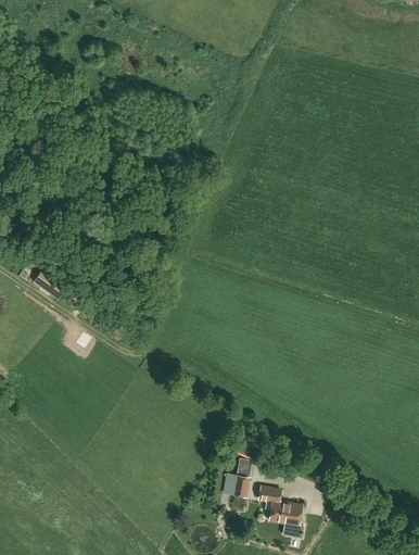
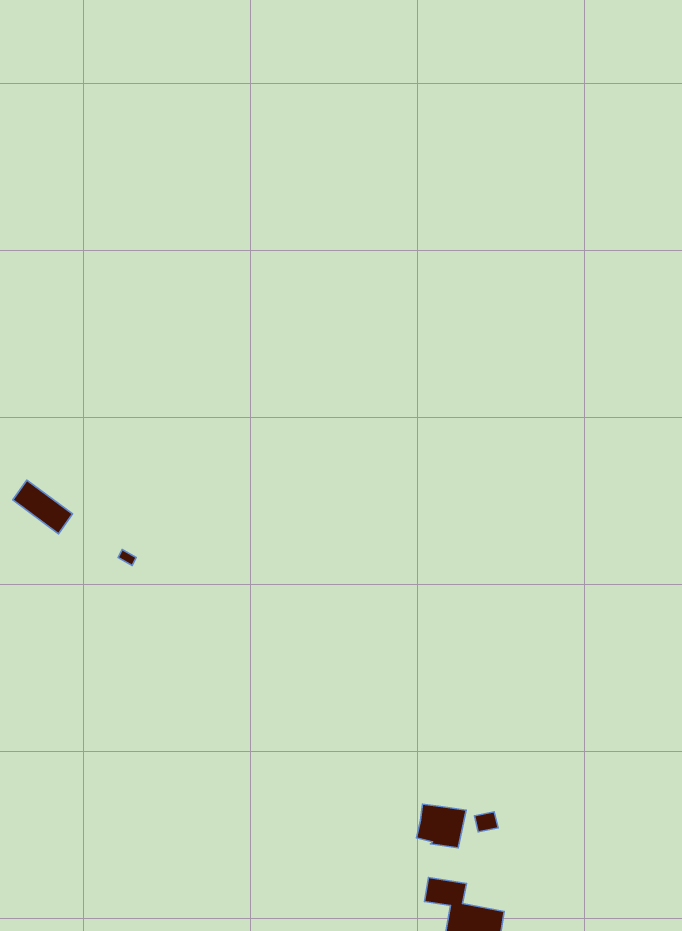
building: [224,474,251,497] -> [416,804,466,848]

